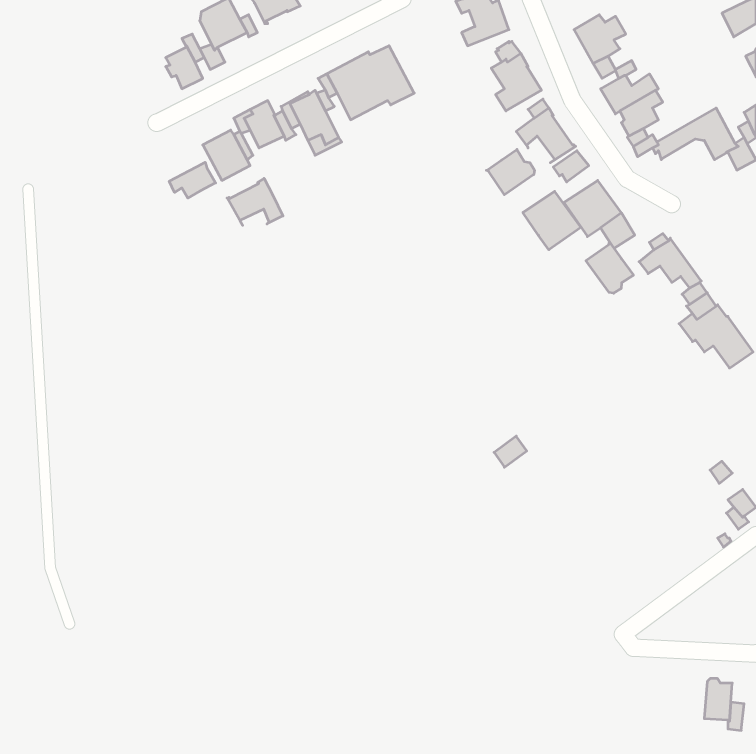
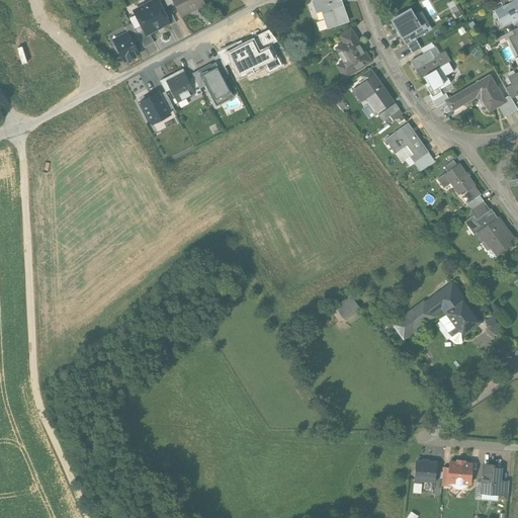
building: [486,149,534,195] -> none
building: [169,162,216,198] -> none
building: [227,178,283,225] -> none
building: [523,191,581,250] -> none
building: [586,242,633,293] -> none
building: none -> [394,282,481,337]
building: none -> [414,460,435,483]
building: none -> [448,460,471,485]

